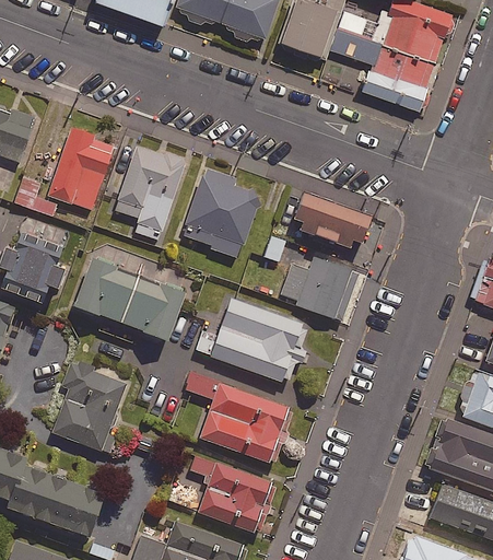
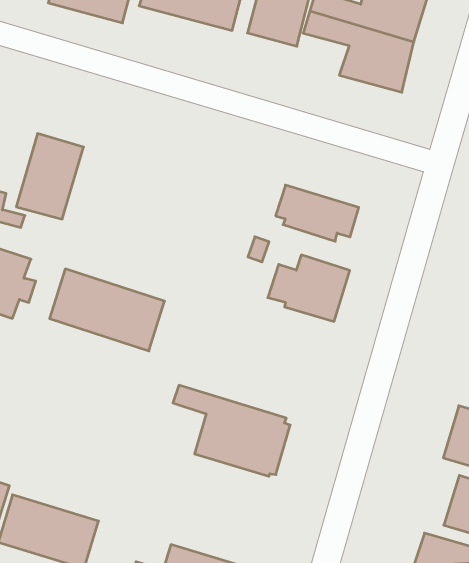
building: [108,147,185,245] -> none
building: [183,176,260,258] -> none
building: [196,301,308,384] -> none
building: [51,363,127,458] -> none
building: [188,454,278,534] -> none

